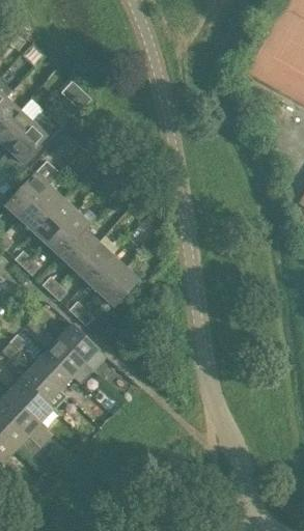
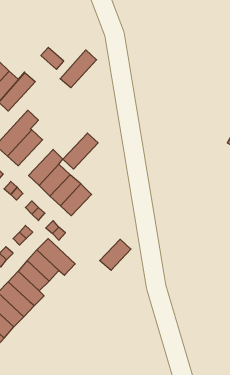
building: none -> [60,50,97,88]
building: [32,198,77,244] -> [63,133,98,169]
building: [100,268,139,307] -> [100,239,131,270]

